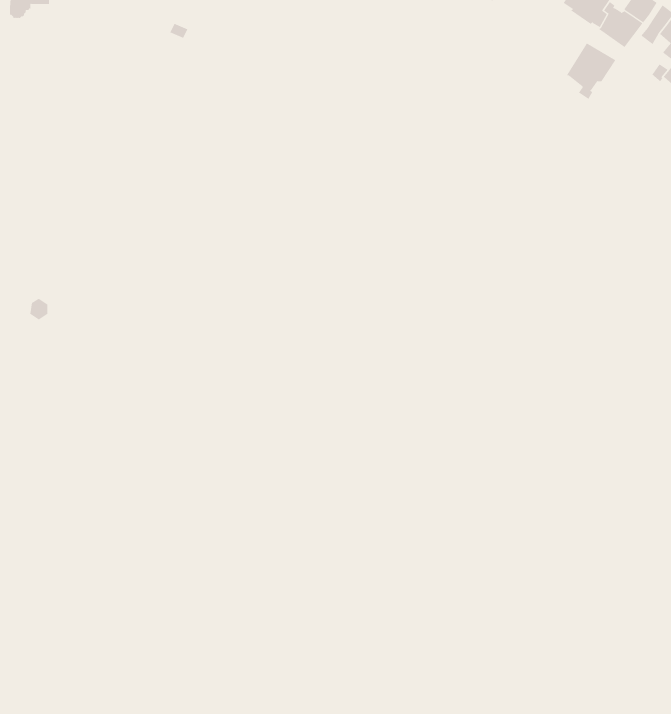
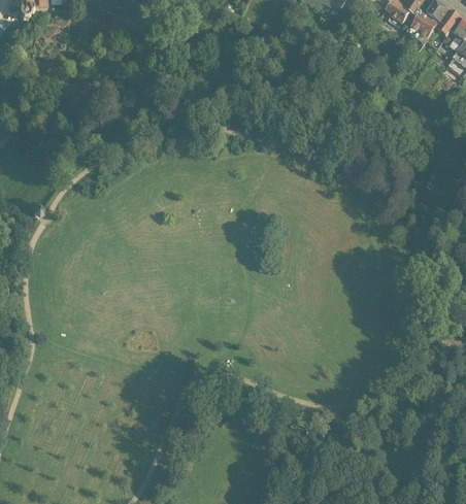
building: [566,43,616,100] -> none

